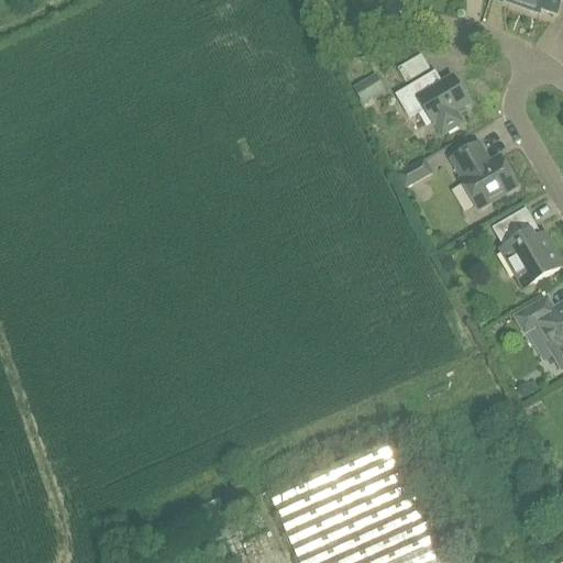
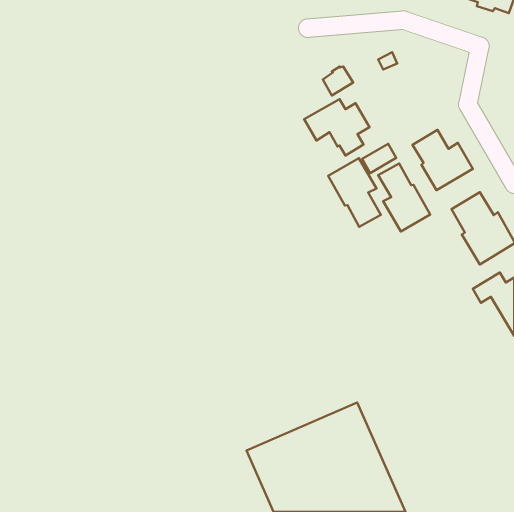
building: [397,71,468,133] -> [304,99,370,155]
building: none -> [328,158,381,227]
building: none -> [378,164,430,231]

